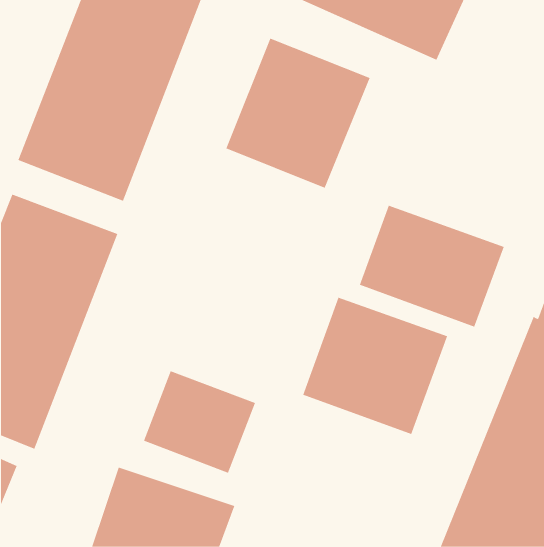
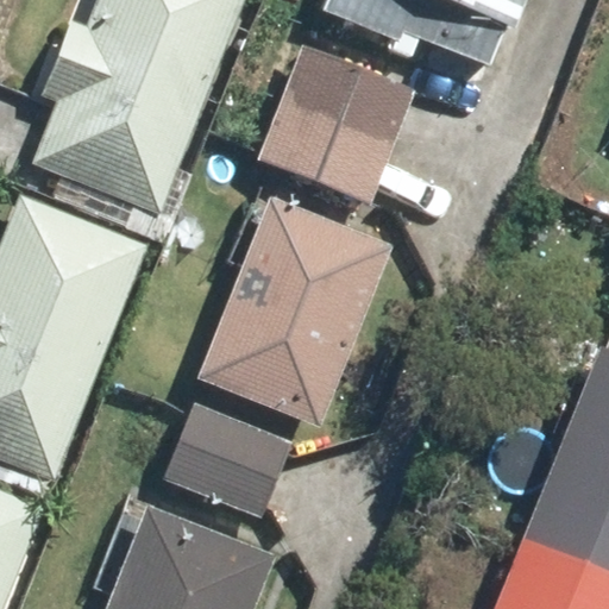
building: none -> [199,201,387,422]
building: [359,205,505,327] -> none
building: [302,297,448,435] -> none

